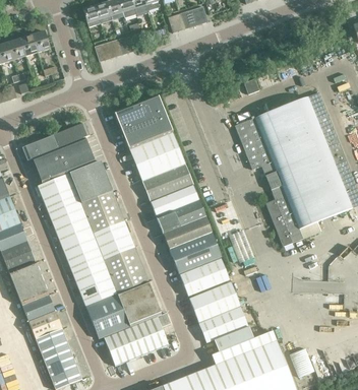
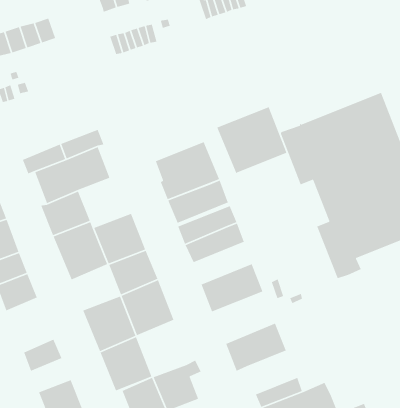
building: [114,93,173,149] -> [216,106,288,174]
building: [69,160,113,203] -> none
building: [164,215,213,248] -> none
building: [63,234,104,271] -> none
building: [180,258,230,296] -> none
building: [9,261,49,306] -> none
building: [117,279,162,326] -> none
building: [199,306,249,341] -> none
building: [29,311,63,338] -> none

